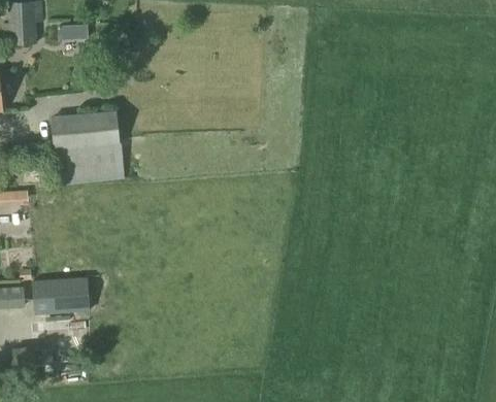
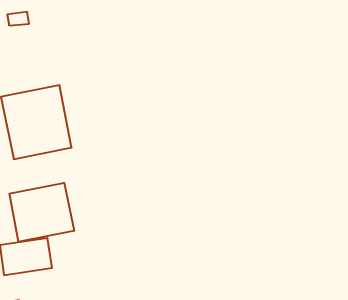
building: none -> [9,183,74,242]

